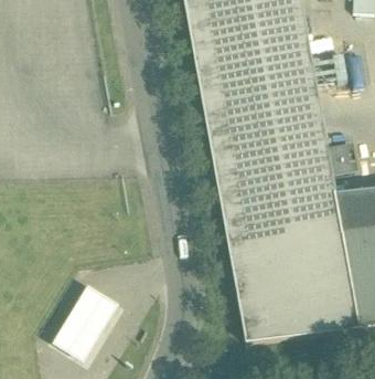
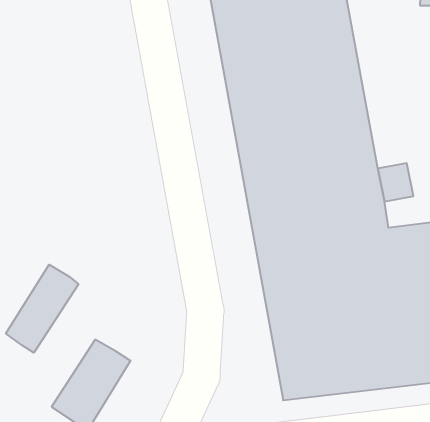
building: none -> [6,265,78,353]

